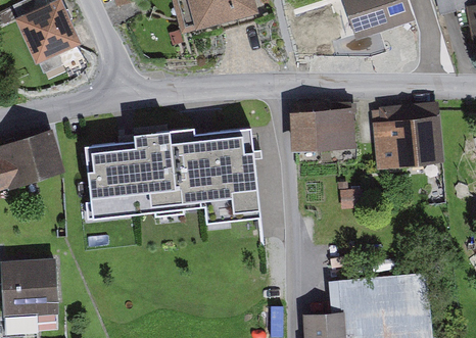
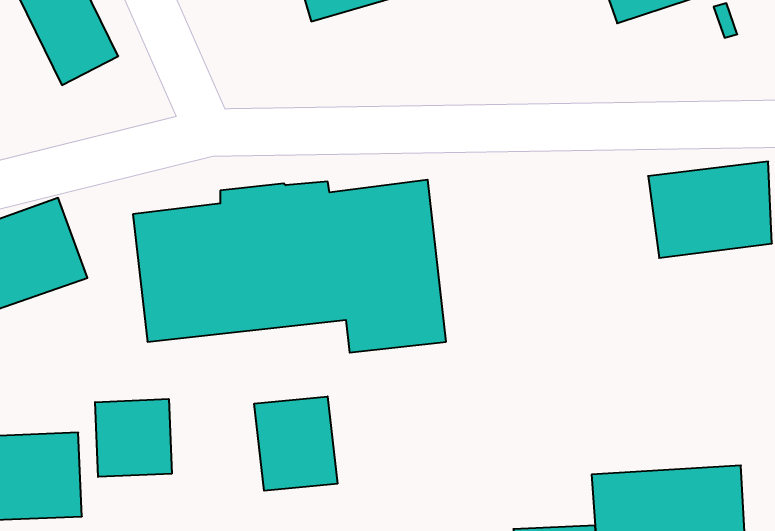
building: [298,112,347,154] -> none
building: none -> [254,396,337,491]
building: none -> [95,399,172,477]

